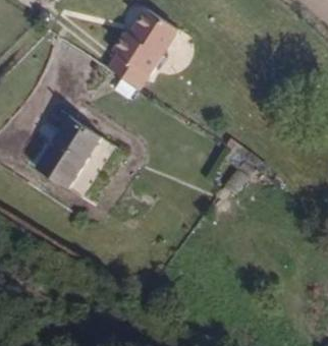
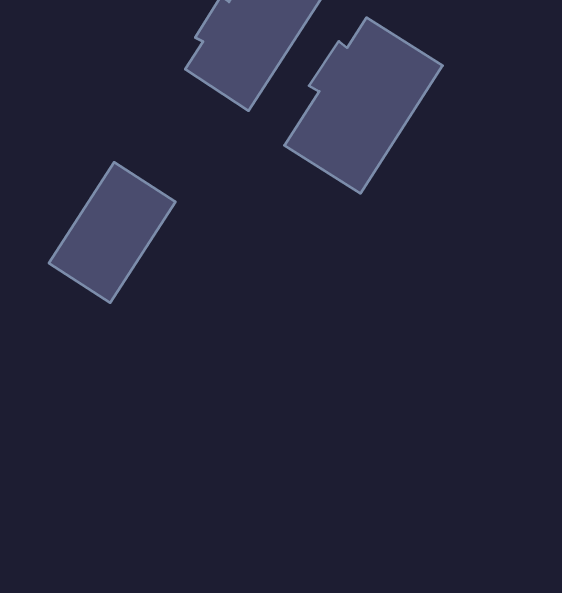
building: none -> [284,18,443,193]

